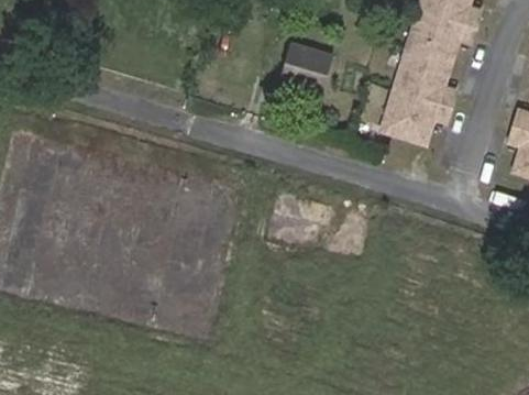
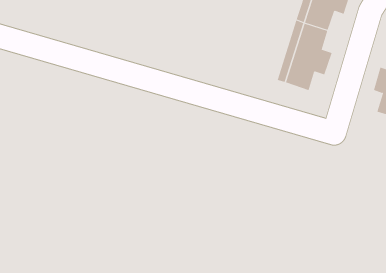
building: [280,41,333,91] -> none

